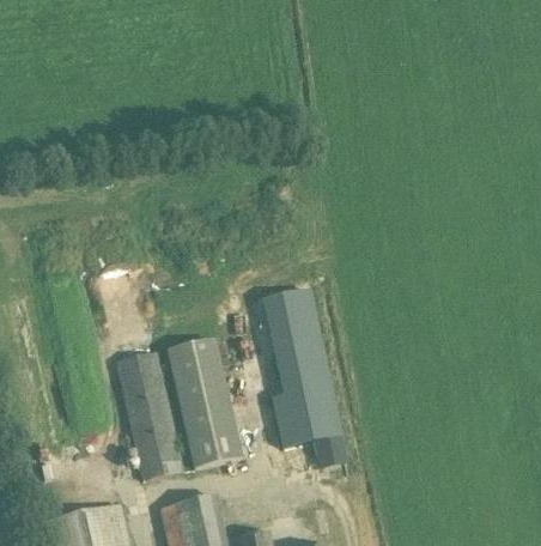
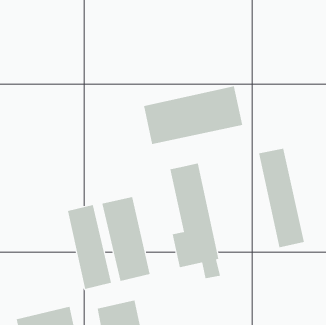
building: none -> [144,85,243,145]
building: none -> [259,148,305,248]

